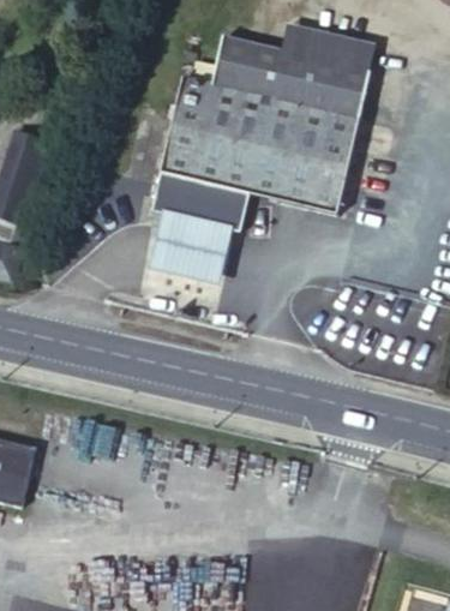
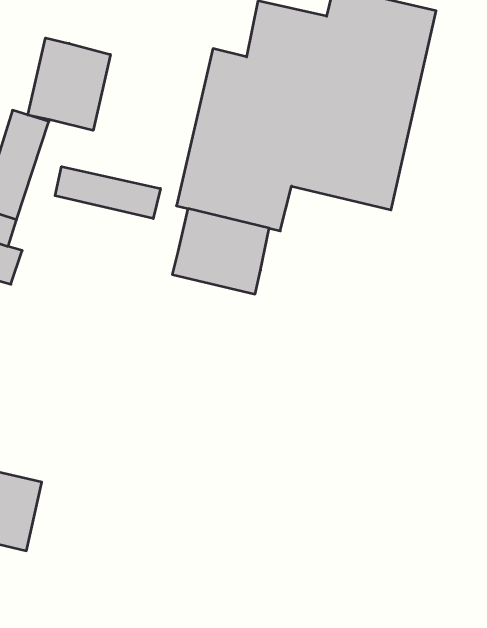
building: none -> [28,38,110,130]
building: none -> [55,167,160,219]

